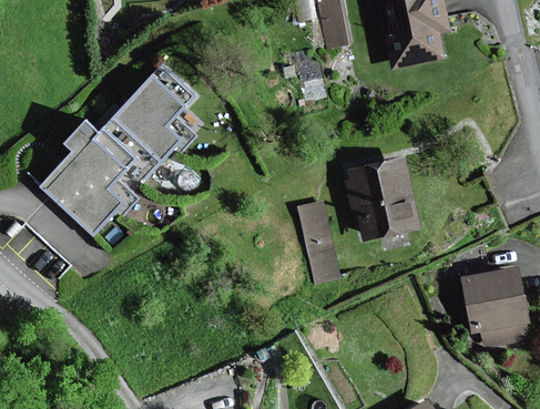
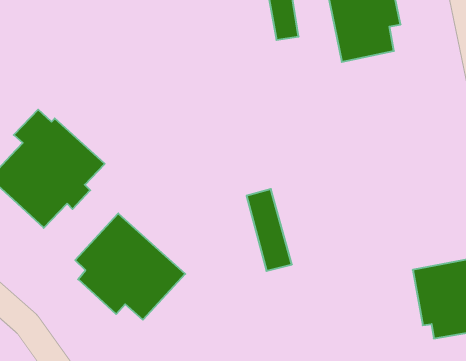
building: [103,64,196,172] -> none
building: [343,159,417,239] -> none
building: none -> [75,213,185,320]

